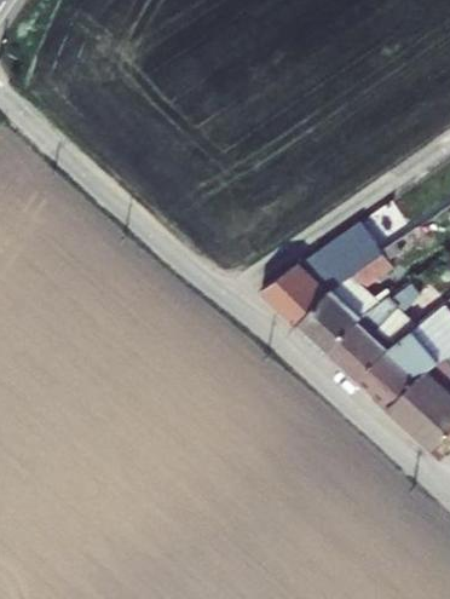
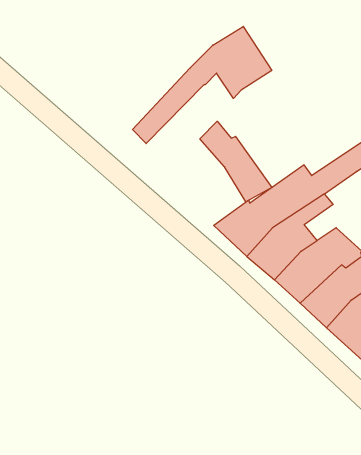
building: none -> [133,26,272,144]
building: none -> [200,121,272,202]

